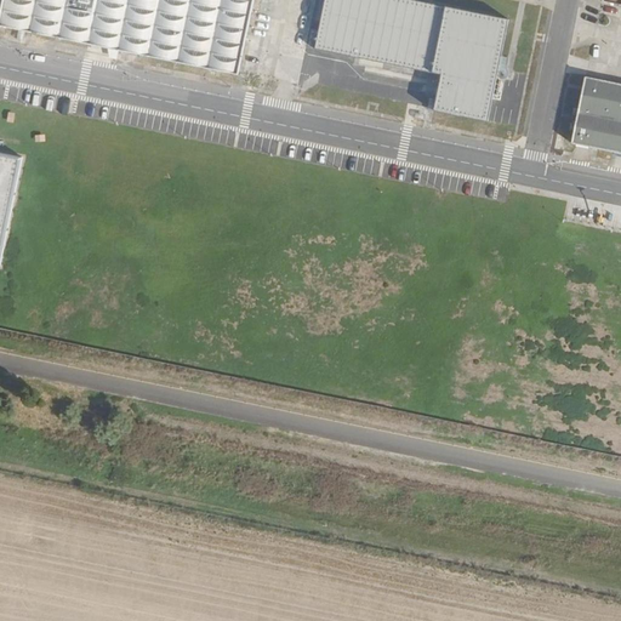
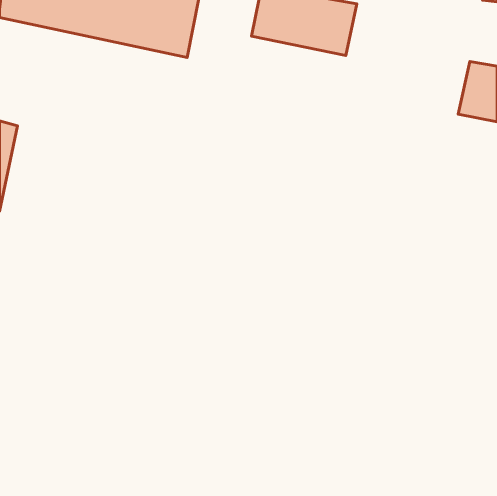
building: [431,5,506,119] -> none

